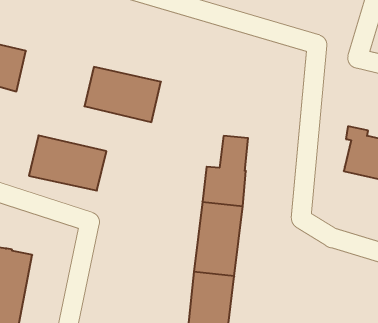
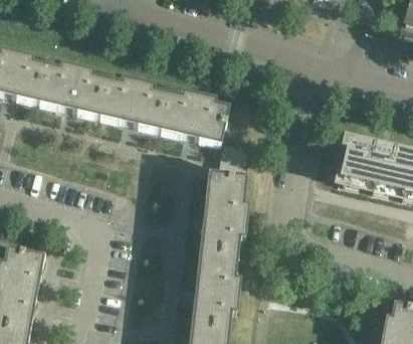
building: none -> [157,94,229,147]
building: [29,135,106,191] -> [29,64,102,117]

